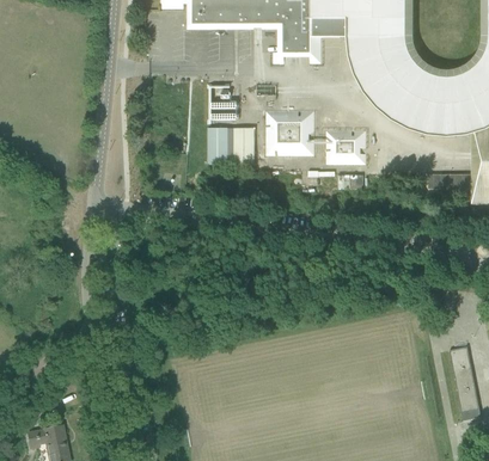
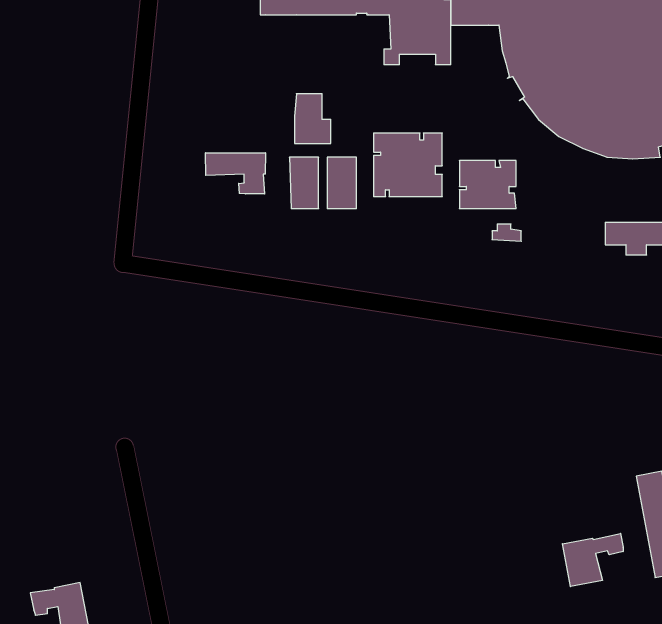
building: none -> [206,153,265,194]
building: none -> [562,533,623,587]

